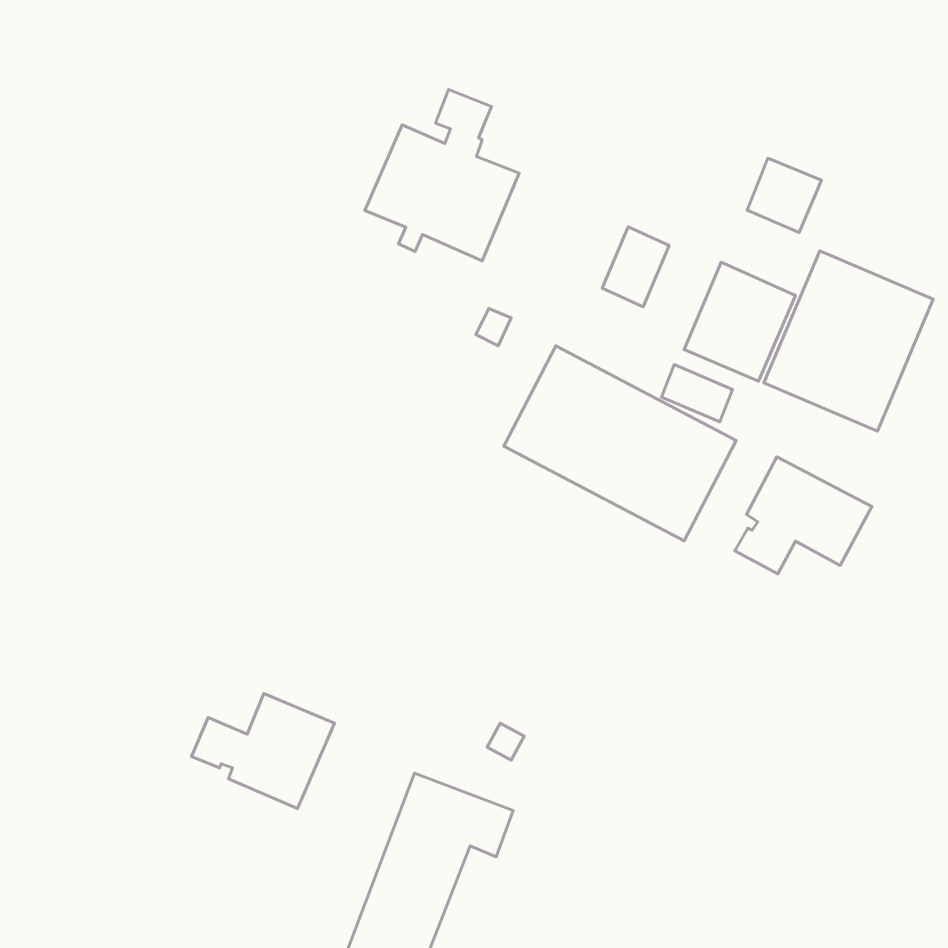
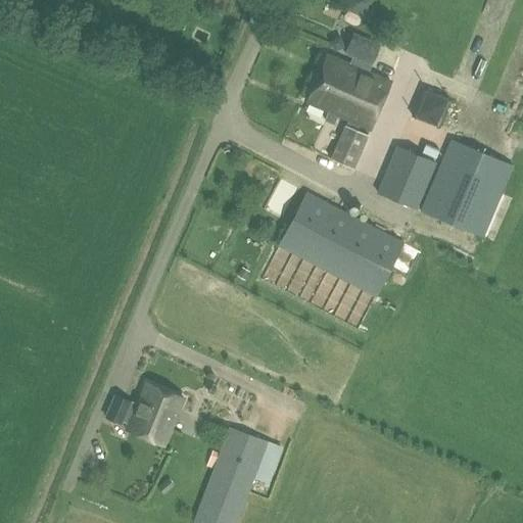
building: [365,90,519,261] -> [307,36,392,130]
building: [661,364,733,422] -> none
building: [735,457,872,574] -> none

